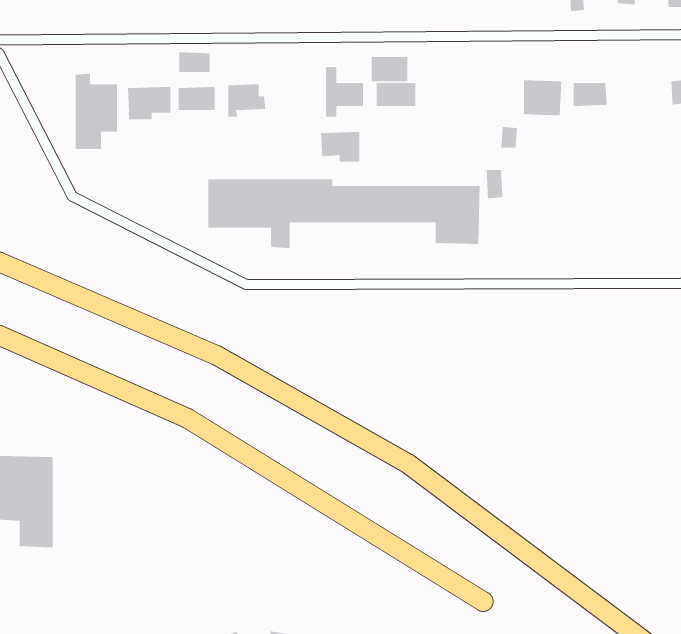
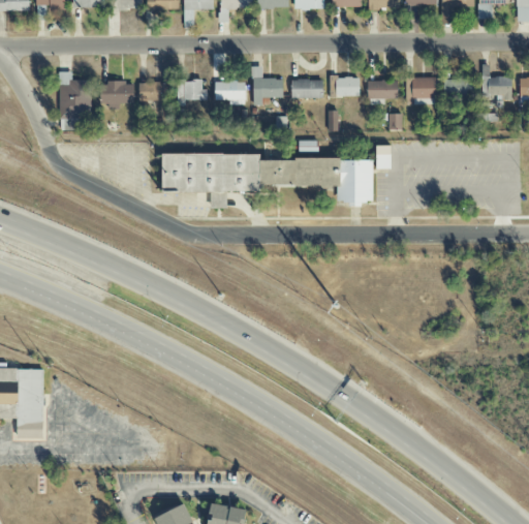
building: [179,52,210,73] -> none
building: [371,57,408,82] -> [331,76,360,96]
building: none -> [480,64,512,97]
building: none -> [368,80,398,99]
building: [320,131,360,162] -> [215,81,246,104]

